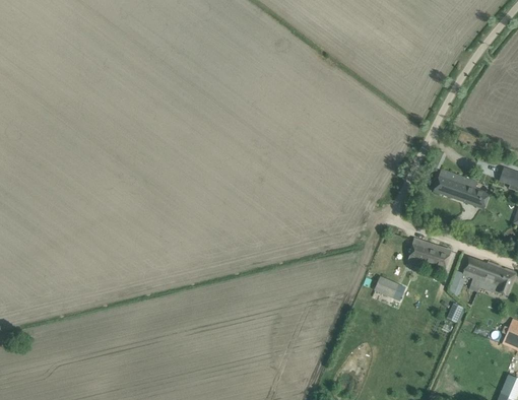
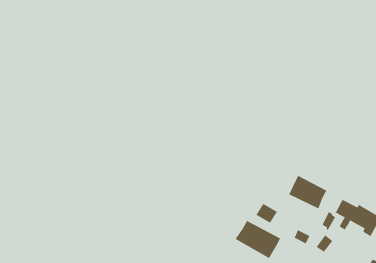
building: [433,168,489,208] -> none
building: none -> [235,220,281,259]

